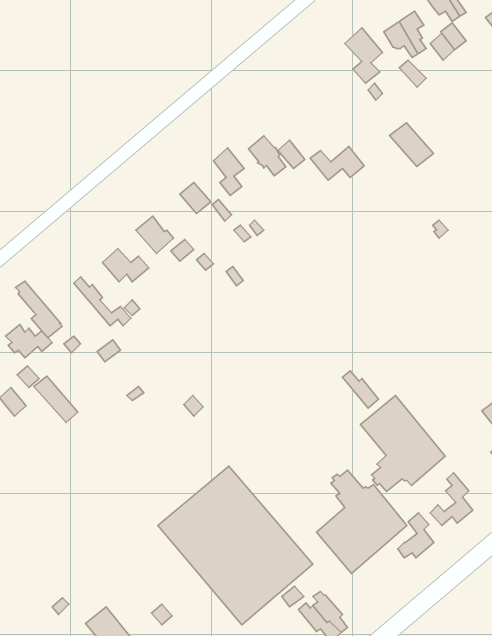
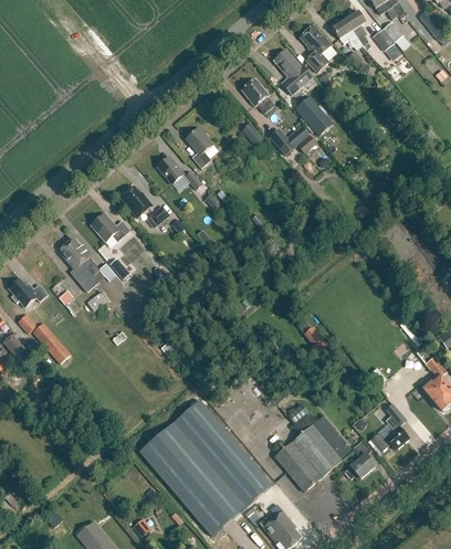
building: none -> [273,50,312,94]
building: [390,123,433,167] -> [295,97,333,135]
building: [248,136,286,176] -> [241,78,273,113]
building: [16,281,62,338] -> [59,243,98,292]
building: [361,395,445,492] -> none

